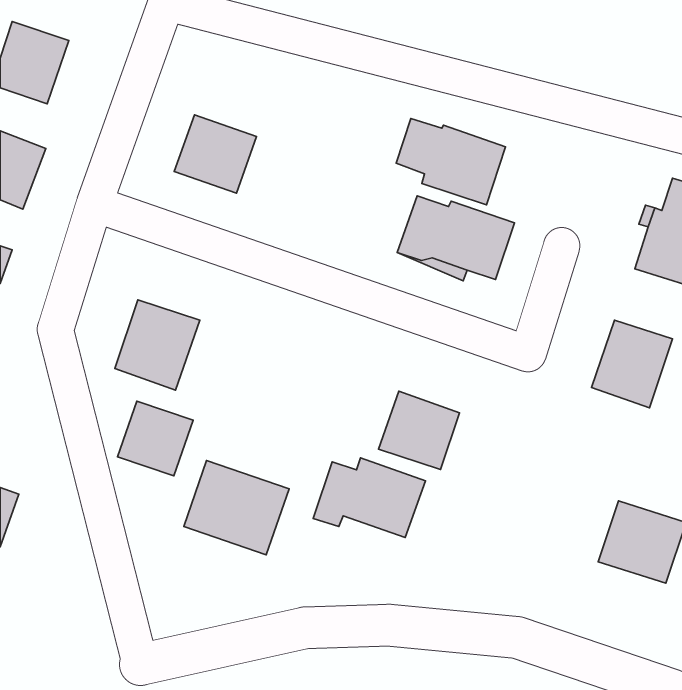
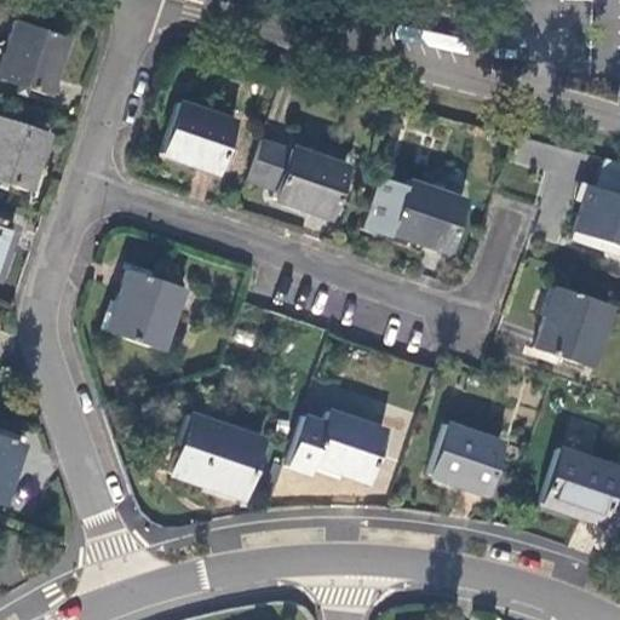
building: [396,119,505,205] -> [252,139,350,217]
building: [379,391,460,469] -> [430,423,503,493]
building: [117,401,193,476] -> none

